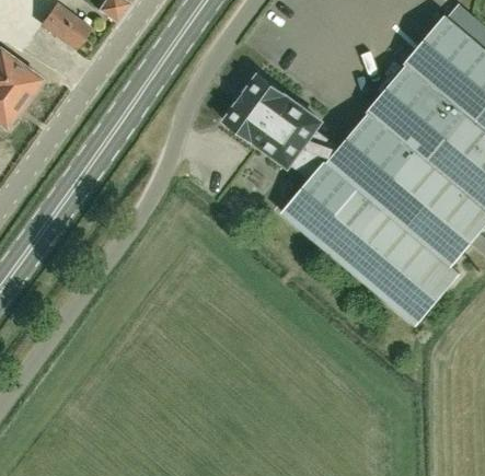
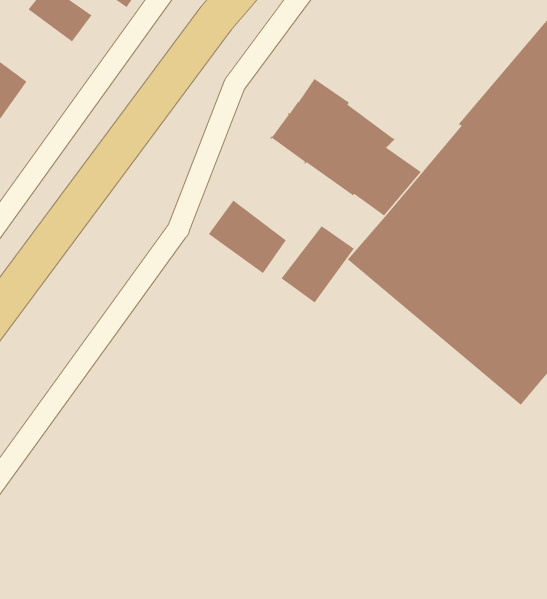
building: none -> [208,199,287,274]
building: none -> [281,225,355,304]

